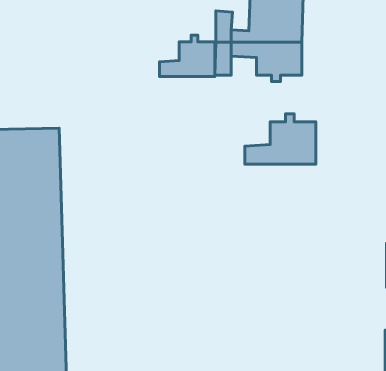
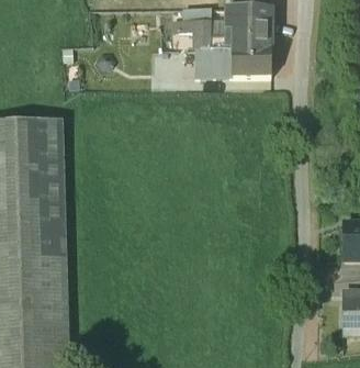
building: [159,35,215,76] -> none
building: [245,114,316,164] -> none

